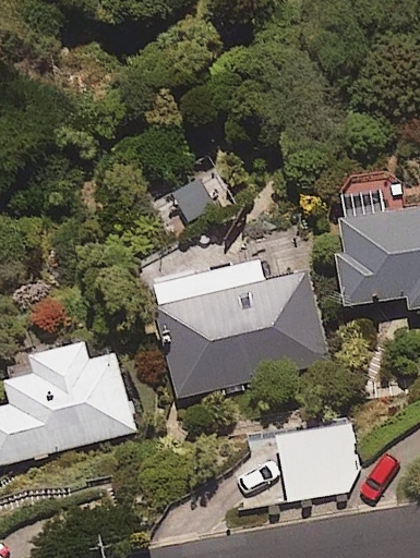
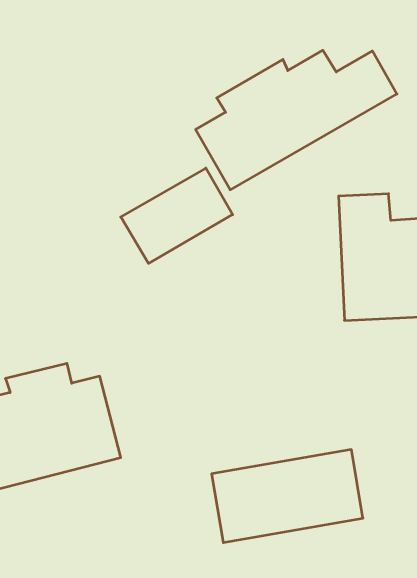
building: none -> [196,50,397,190]
building: [154,260,328,395] -> none

